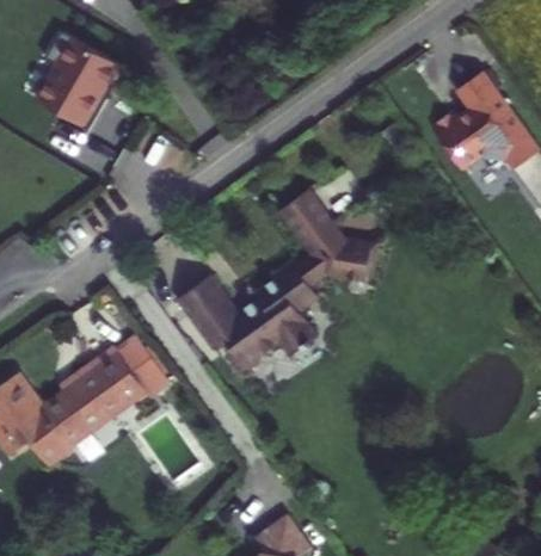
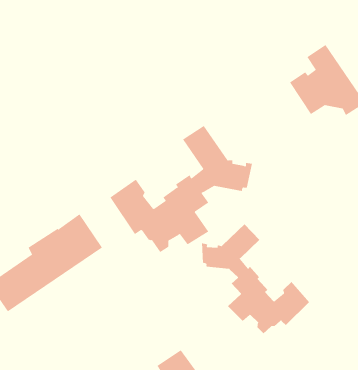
building: [49,35,139,134] -> none
building: none -> [202,224,310,334]

